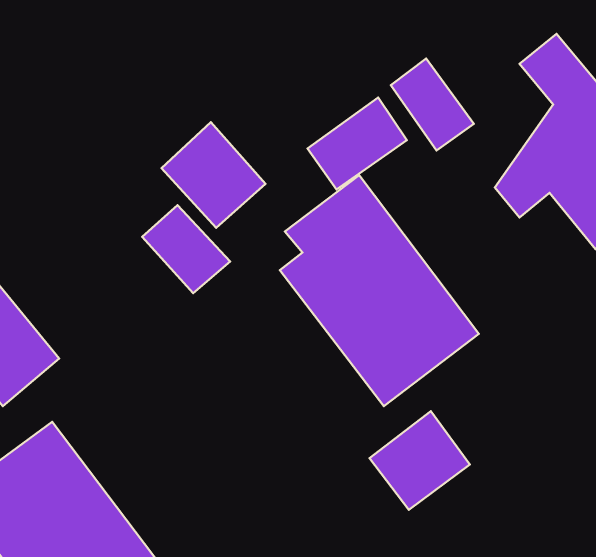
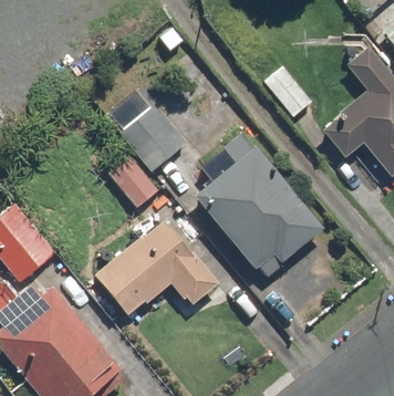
building: [307,98,407,189] -> none
building: none -> [91,219,216,319]
building: [370,411,470,510] -> none

